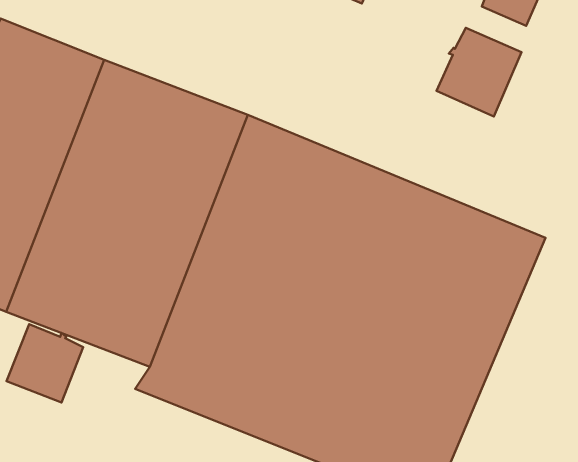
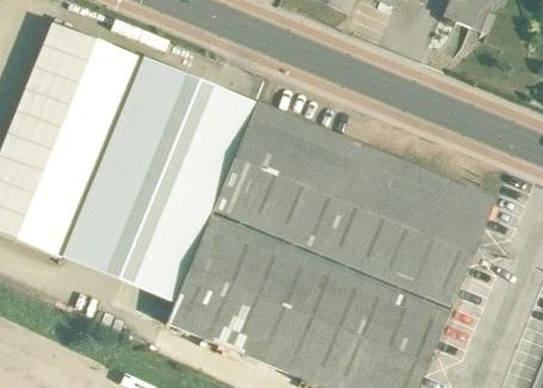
building: [437,28,522,116] -> none
building: [7,324,83,403] -> none

